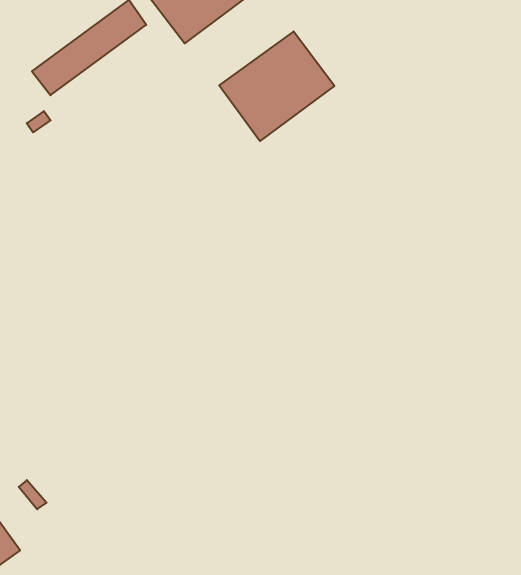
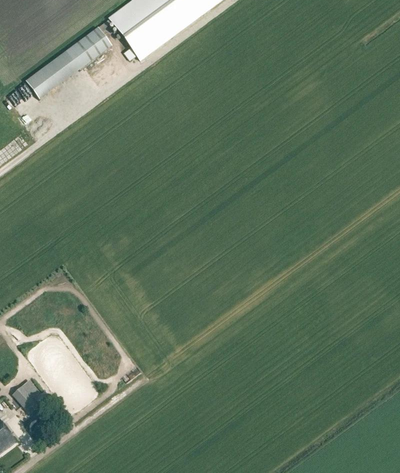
building: [219,31,334,141] -> none

